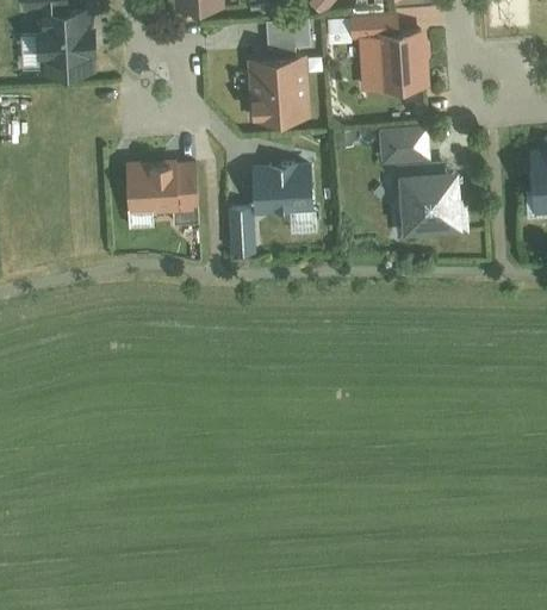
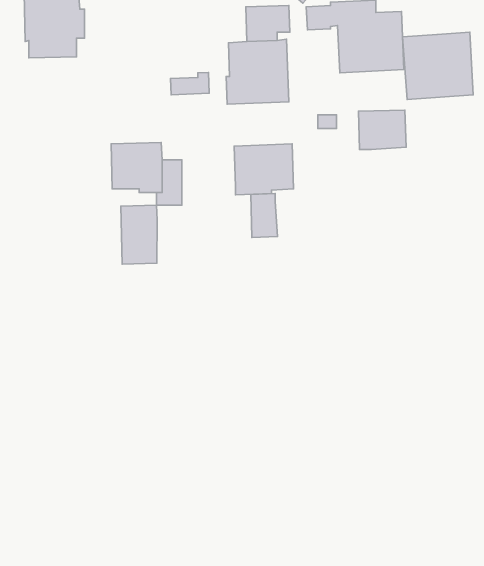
building: none -> [171,72,209,95]
building: [393,164,466,234] -> [402,32,473,100]
building: [229,207,256,253] -> [251,193,277,238]
building: none -> [121,205,157,264]

